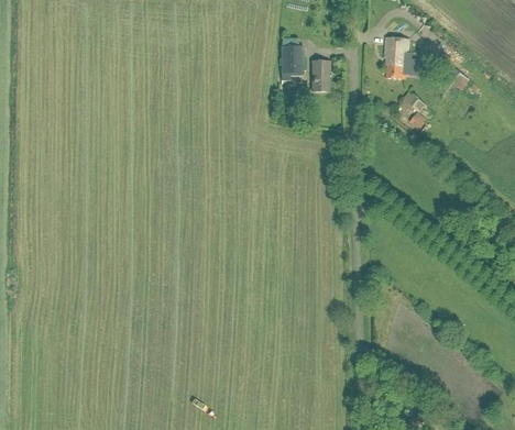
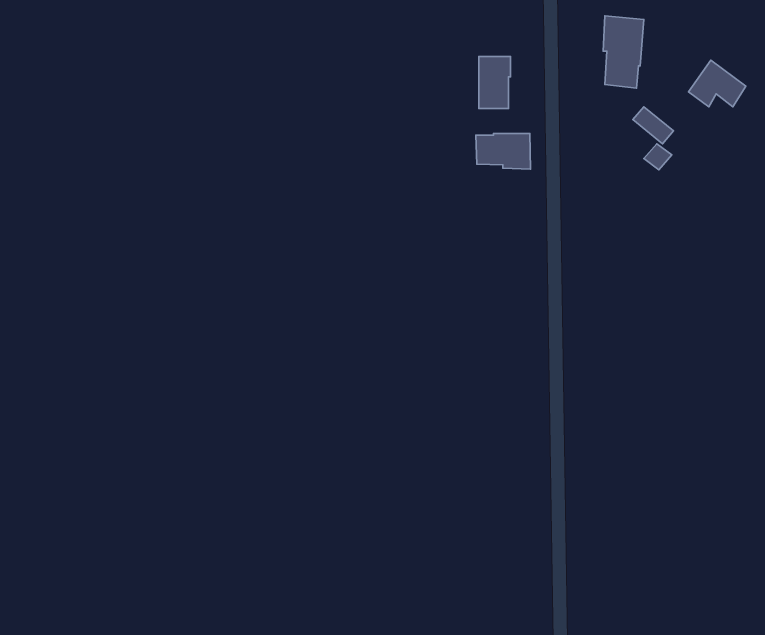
building: [281,46,305,74] -> none
building: none -> [476,133,530,169]

